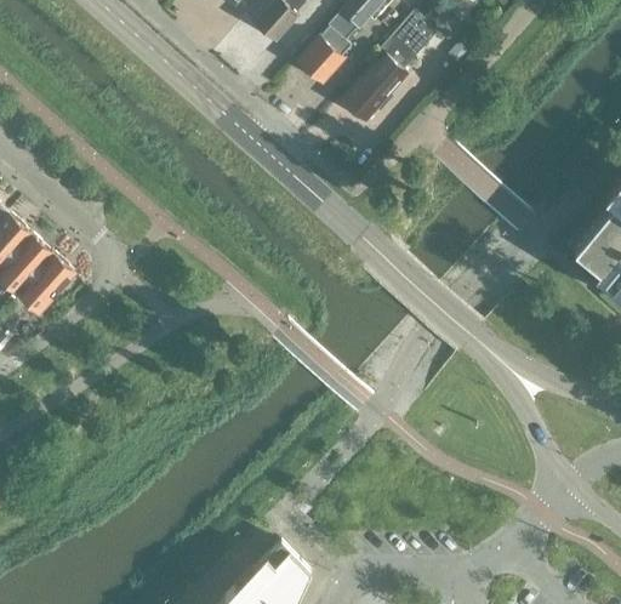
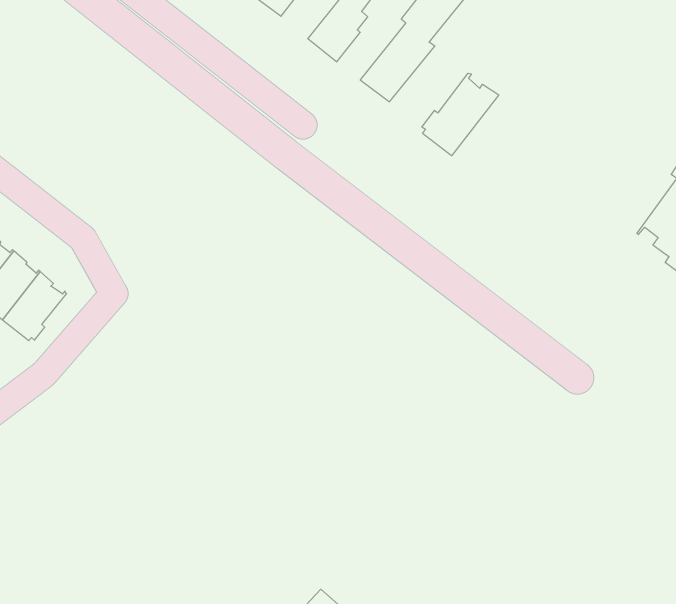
building: none -> [422,73,499,156]

